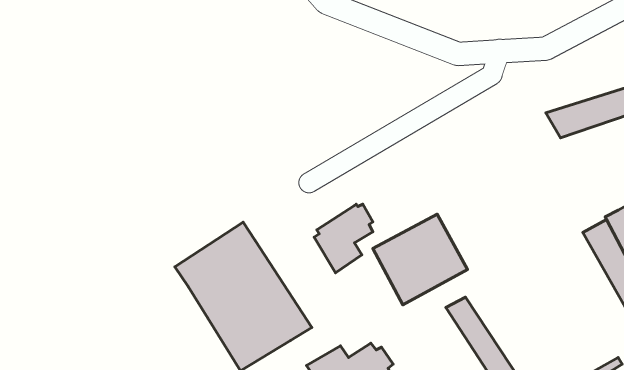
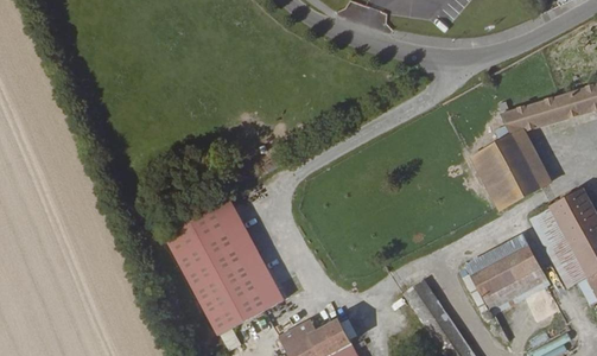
building: none -> [474,131,548,202]
building: [314,204,373,273] -> none
building: [373,214,467,305] -> [461,236,546,318]

